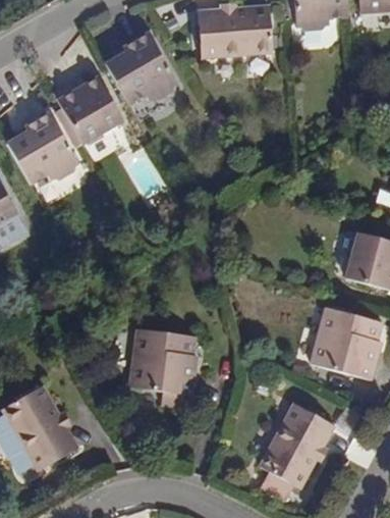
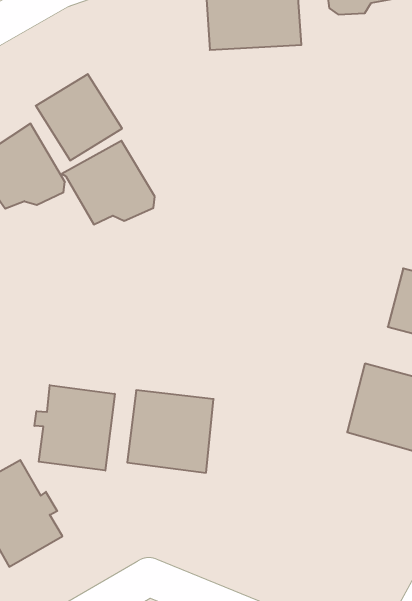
building: [103,35,177,102] -> [62,141,155,224]
building: none -> [34,385,115,471]
building: [257,404,333,488] -> none

